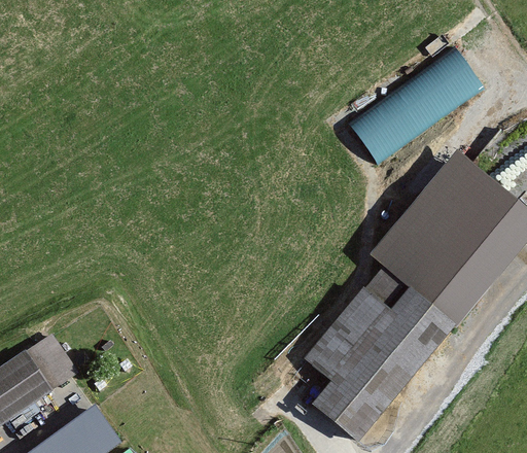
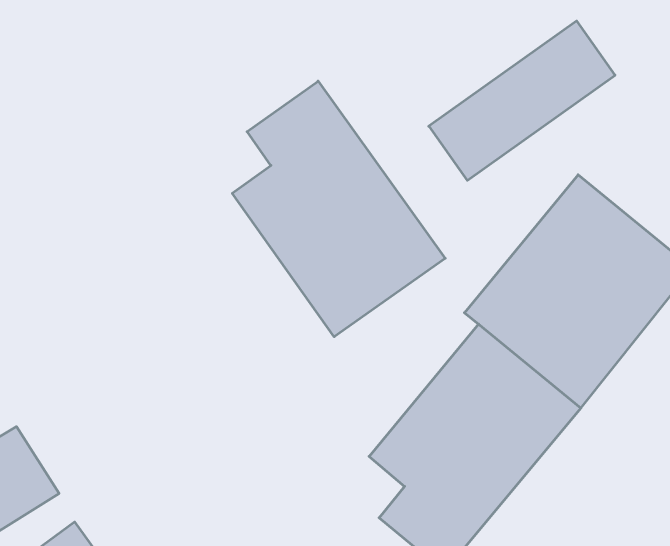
building: none -> [232,81,445,337]

